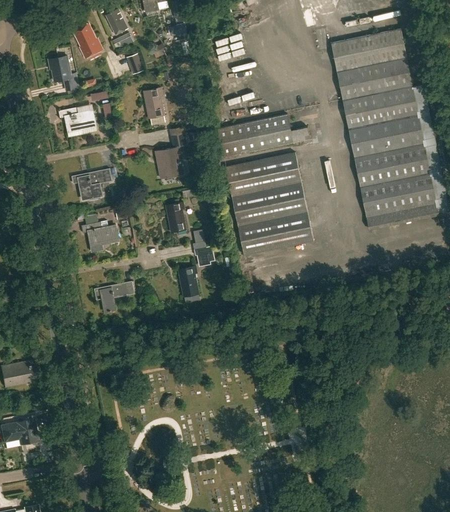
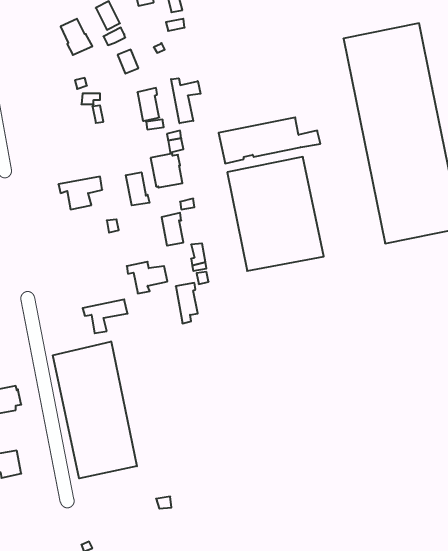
building: [48,57,78,91] -> none
building: none -> [171,78,201,123]
building: [58,107,94,131] -> none
building: none -> [126,172,150,205]
building: [81,222,118,251] -> [127,262,167,293]
building: none -> [53,341,137,478]

